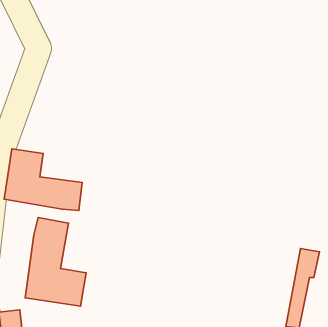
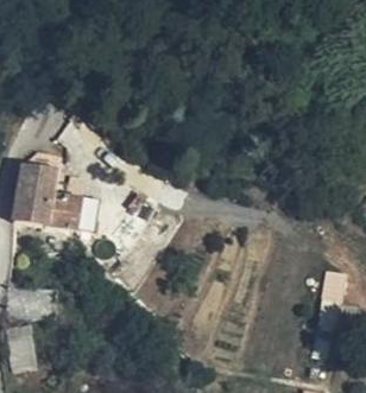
building: [25,217,86,306] -> none

